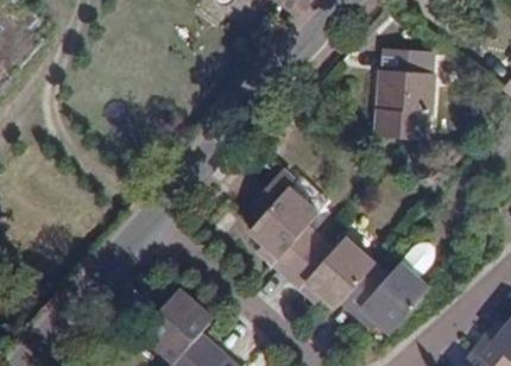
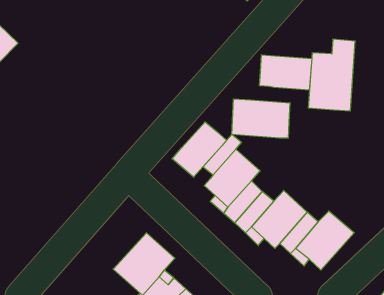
building: none -> [260,55,312,90]
building: none -> [232,99,290,138]
building: none -> [172,122,226,177]

